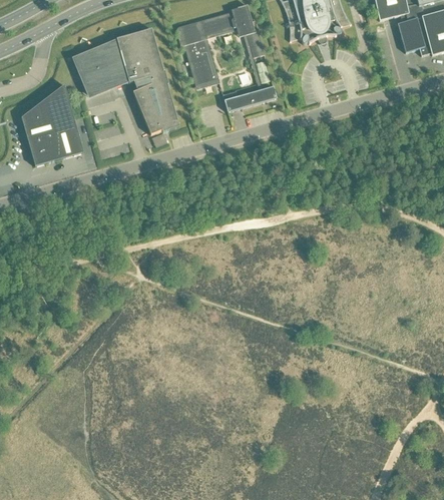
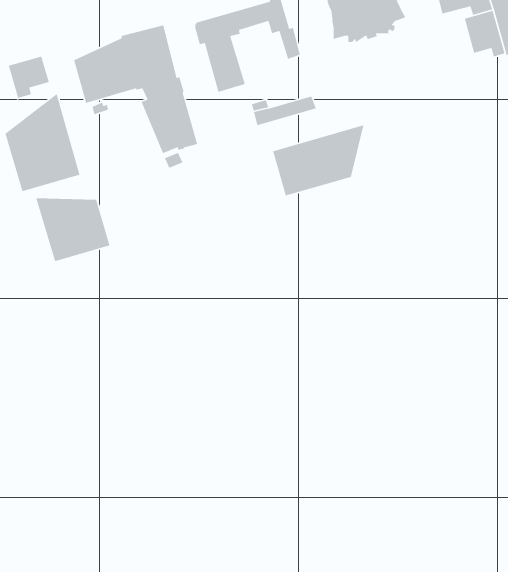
building: none -> [8,56,50,99]
building: none -> [272,124,364,196]
building: none -> [35,198,110,262]

